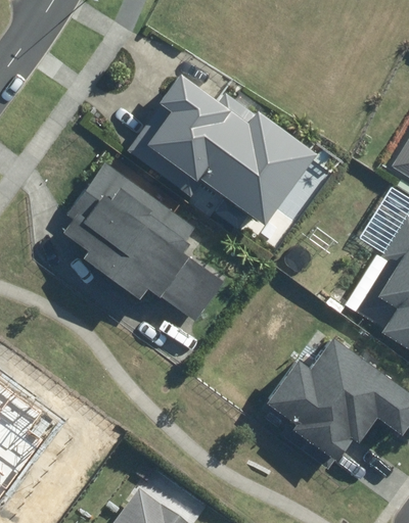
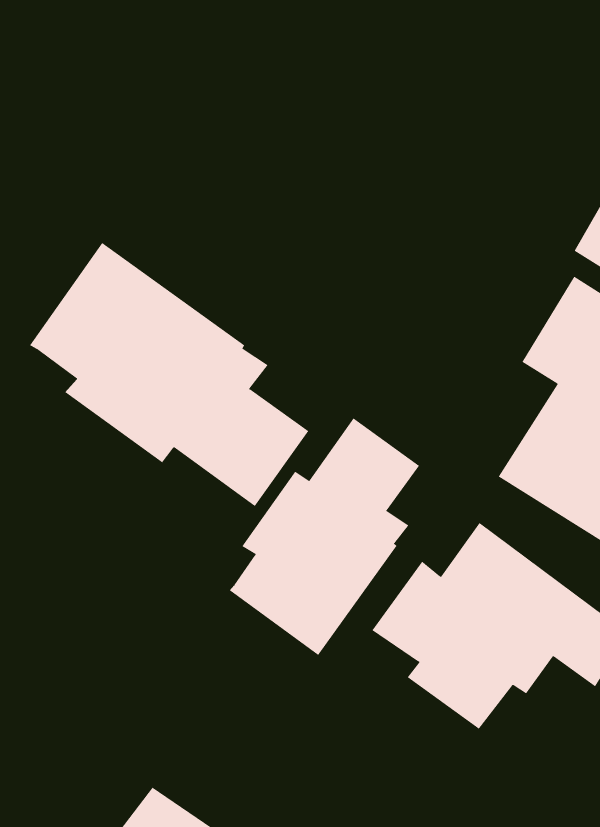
building: [143,50,317,229] -> none
building: none -> [229,417,420,656]

